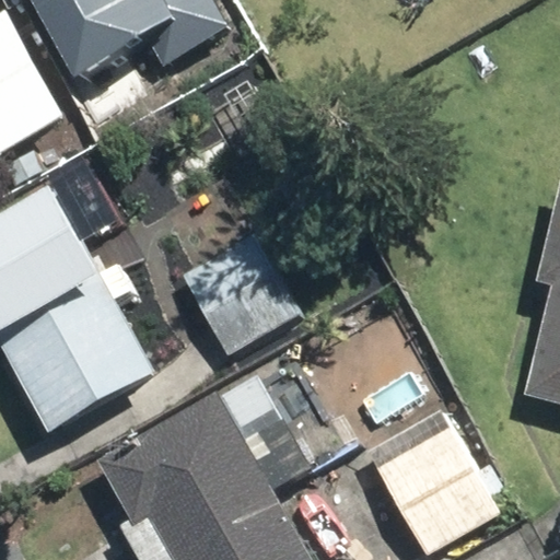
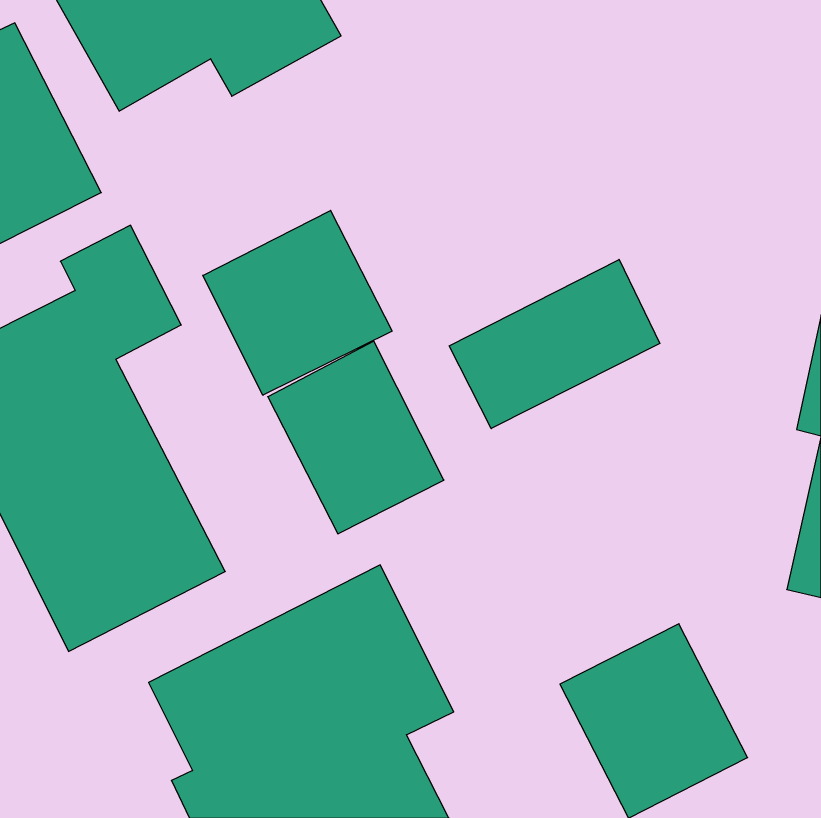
building: none -> [203,210,392,395]
building: none -> [449,259,660,429]

